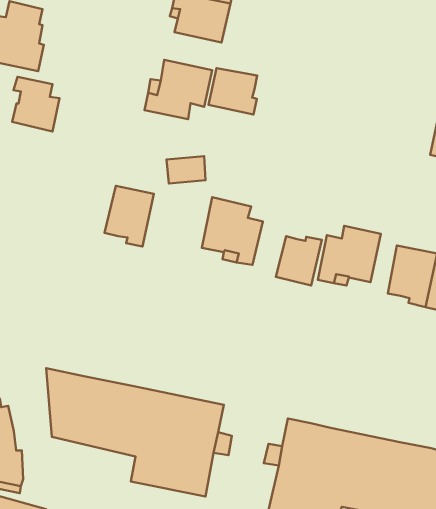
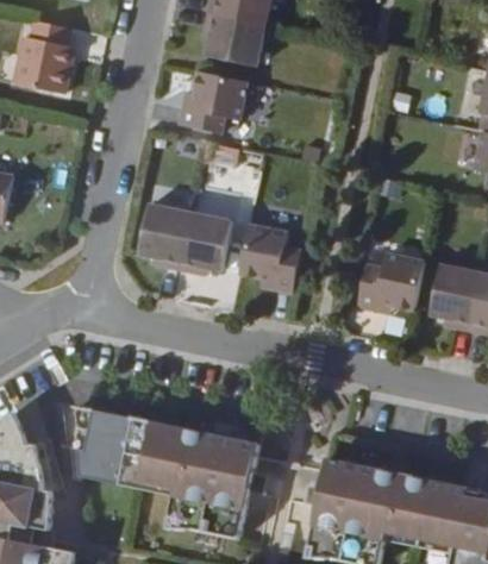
building: [208,68,257,114] -> none
building: [12,77,59,132] -> none
building: none -> [174,219,227,277]
building: [276,236,322,286] -> none

